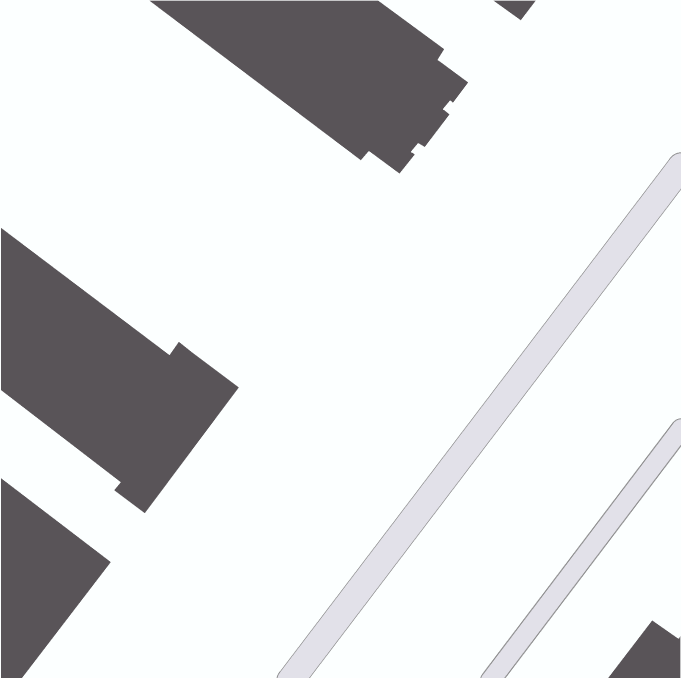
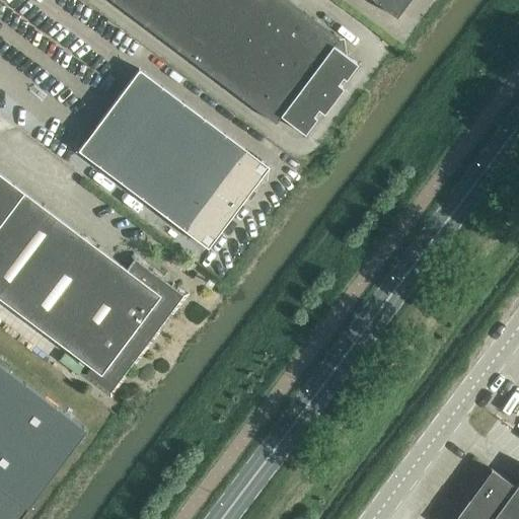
building: none -> [78,70,269,248]

